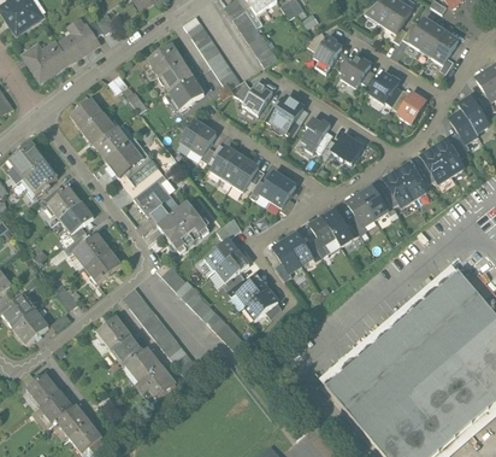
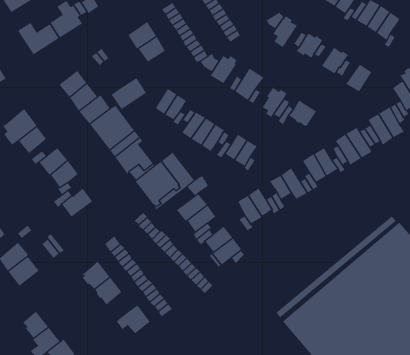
building: [163,76,203,112] -> [111,78,147,110]
building: [84,247,120,281] -> none
building: [128,347,160,379] -> none

